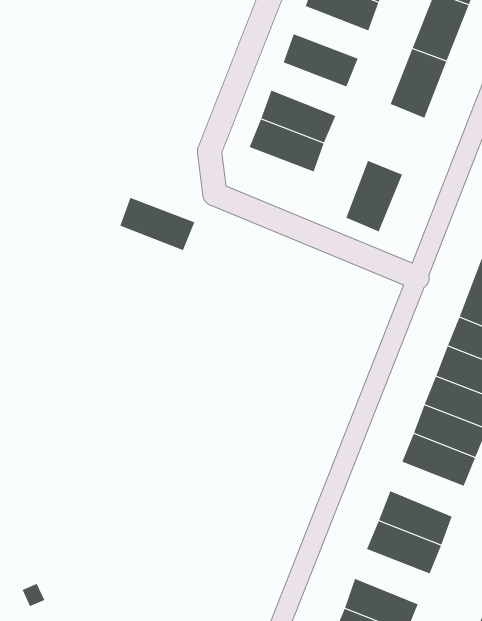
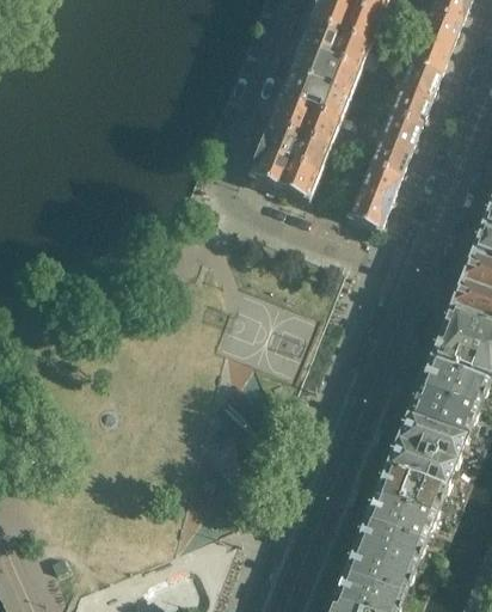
building: none -> [302,18,371,66]
building: none -> [282,69,351,118]
building: none -> [370,108,423,172]
building: [119,197,195,251] -> [252,147,321,196]
building: none -> [390,435,459,485]
building: none -> [358,515,428,565]

